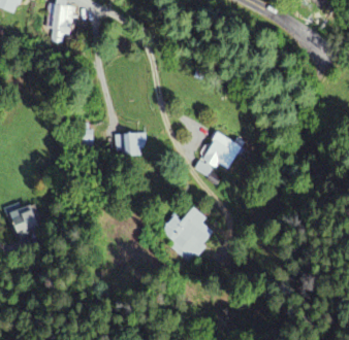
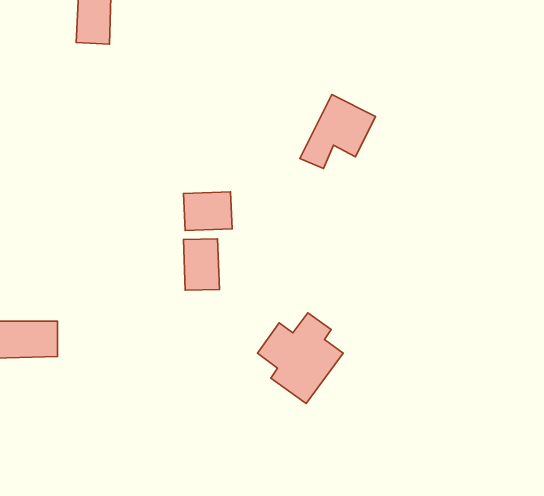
building: [195,131,242,176] -> [300,95,376,169]
building: none -> [183,239,219,290]

